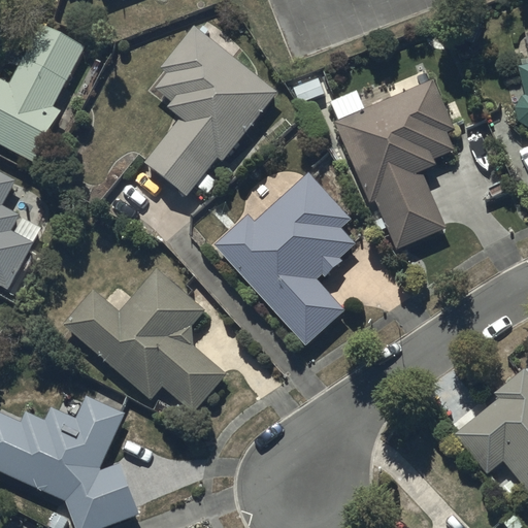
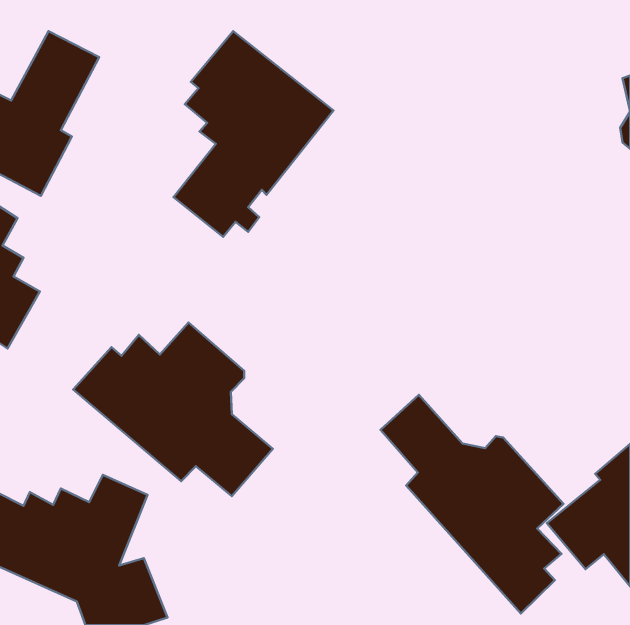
building: [329,62,455,250] -> none
building: [213,171,355,346] -> none
building: none -> [381,395,563,613]

